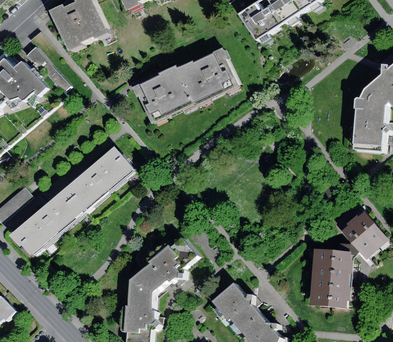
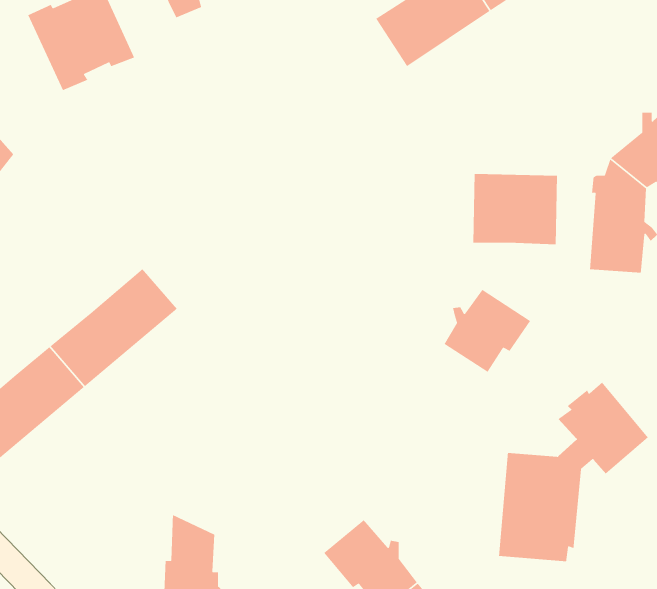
building: [134,46,237,123] -> none
building: none -> [472,173,558,245]
building: none -> [443,289,531,373]
building: [131,238,198,291] -> none

